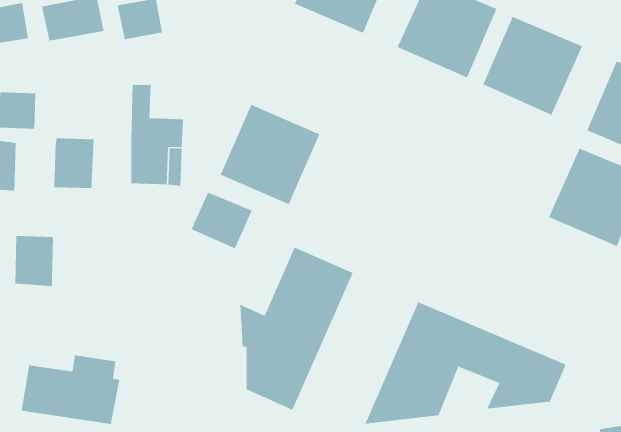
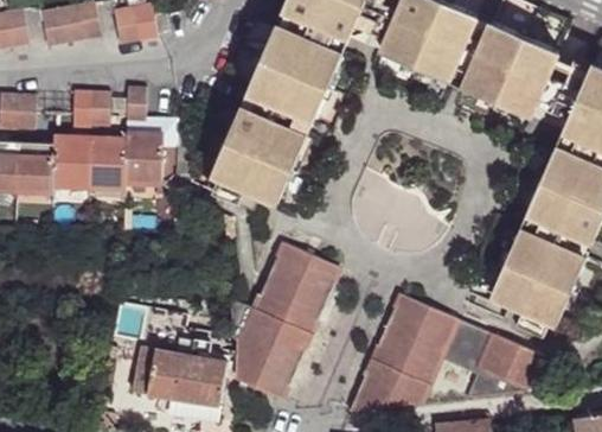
building: none -> [246,24,341,120]
building: none -> [72,90,109,128]
building: none -> [89,139,126,188]
building: [191,192,253,249] -> none
building: none -> [491,228,584,323]
building: [14,236,54,286] -> [15,142,53,191]
building: [21,355,120,424] -> [132,337,226,404]

